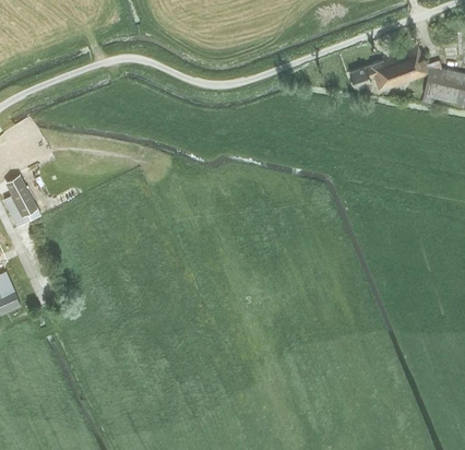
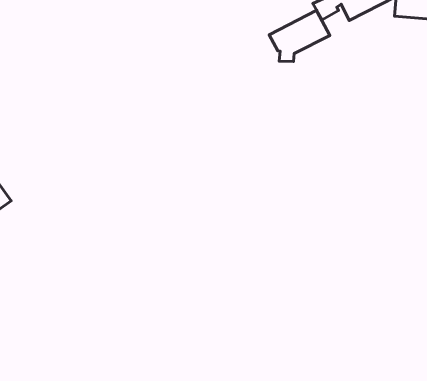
building: none -> [269,10,330,61]

